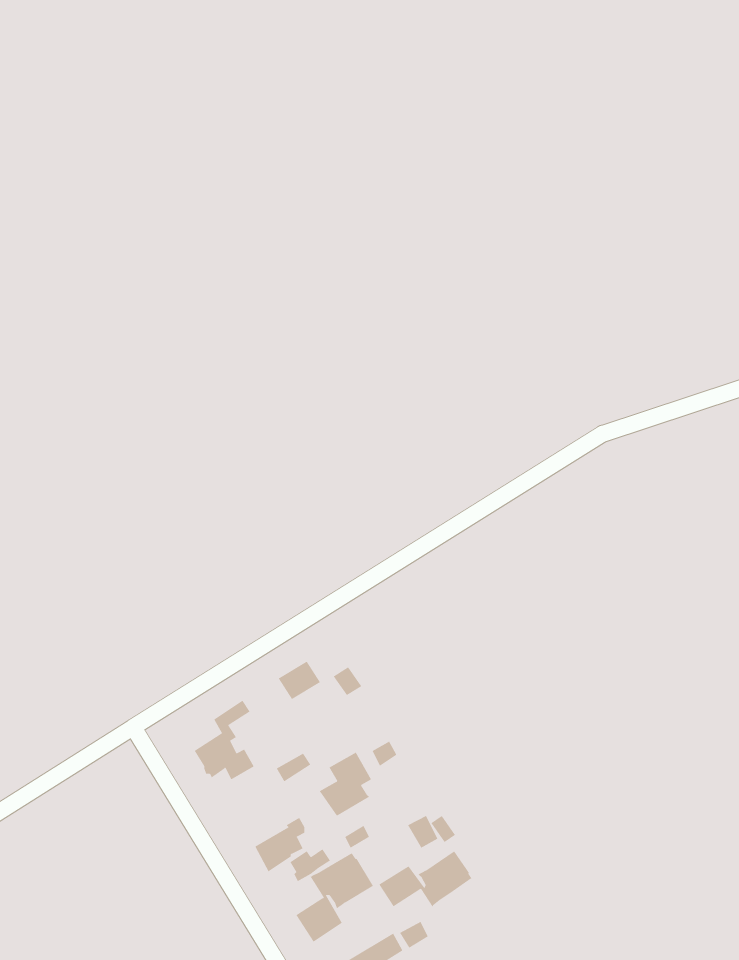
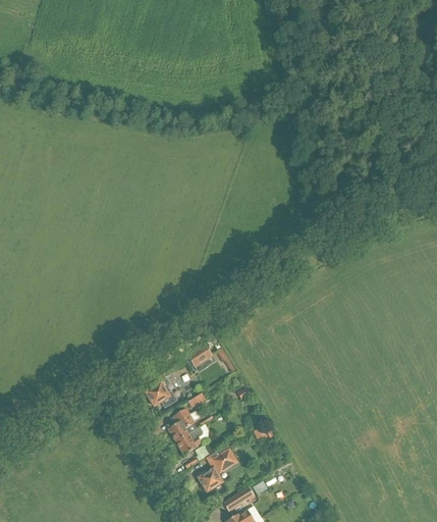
building: [319,752,372,817] -> [167,409,195,442]
building: [379,851,472,908] -> none

